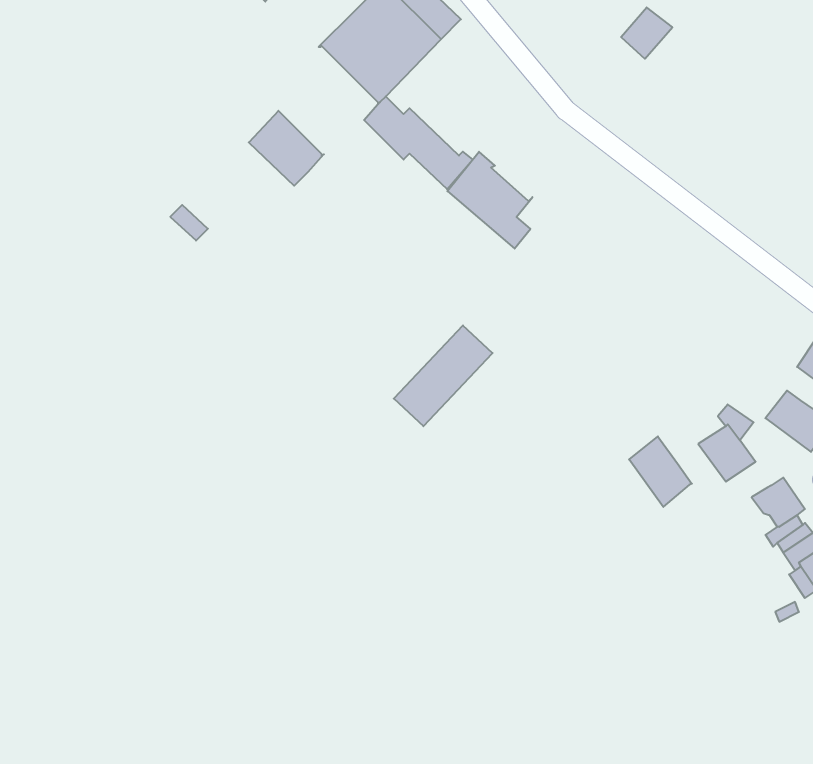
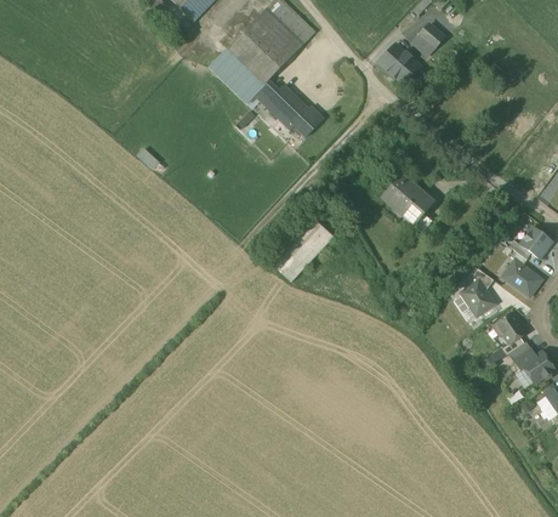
building: none -> [380,44,419,83]
building: [249,111,324,186] -> [218,55,264,101]
building: [447,152,532,249] -> [381,171,433,231]
building: [629,436,692,507] -> none

